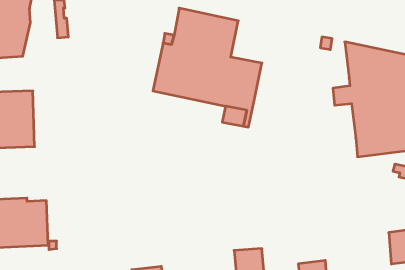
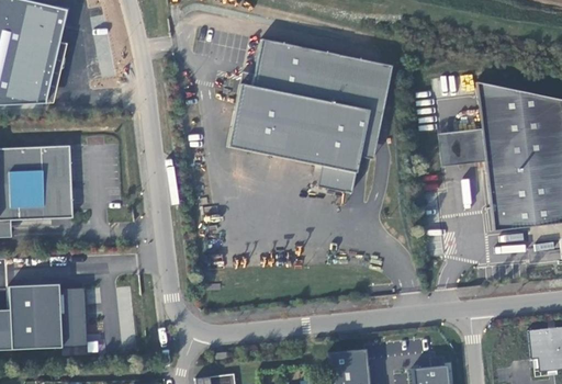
building: none -> [326,54,390,159]
building: none -> [436,128,481,166]

